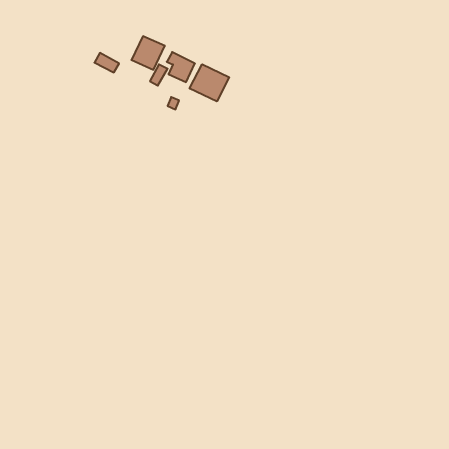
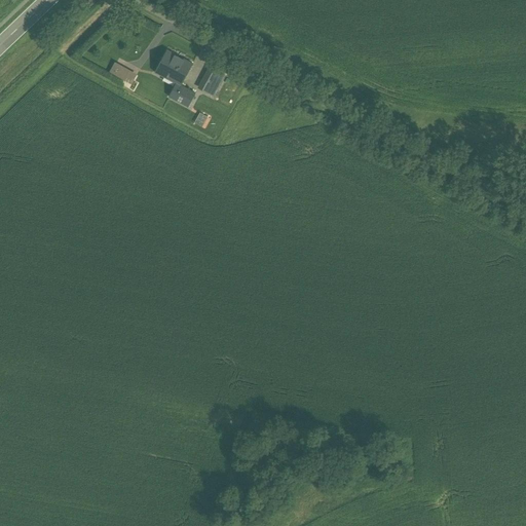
building: [190,64,229,101] -> none

